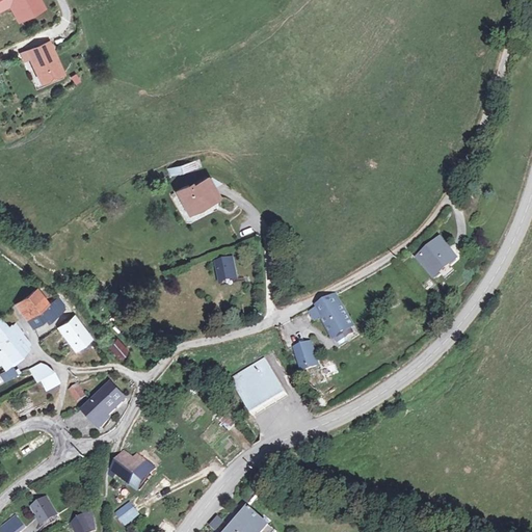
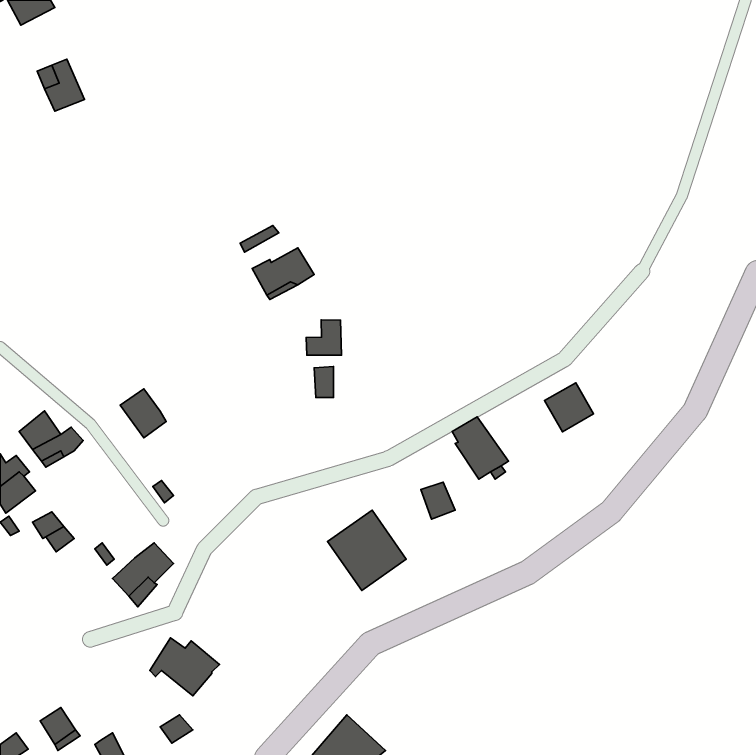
building: none -> [306,320,341,355]
building: [426,242,460,276] -> [545,383,594,432]
building: [55,315,87,349] -> [120,389,166,438]

